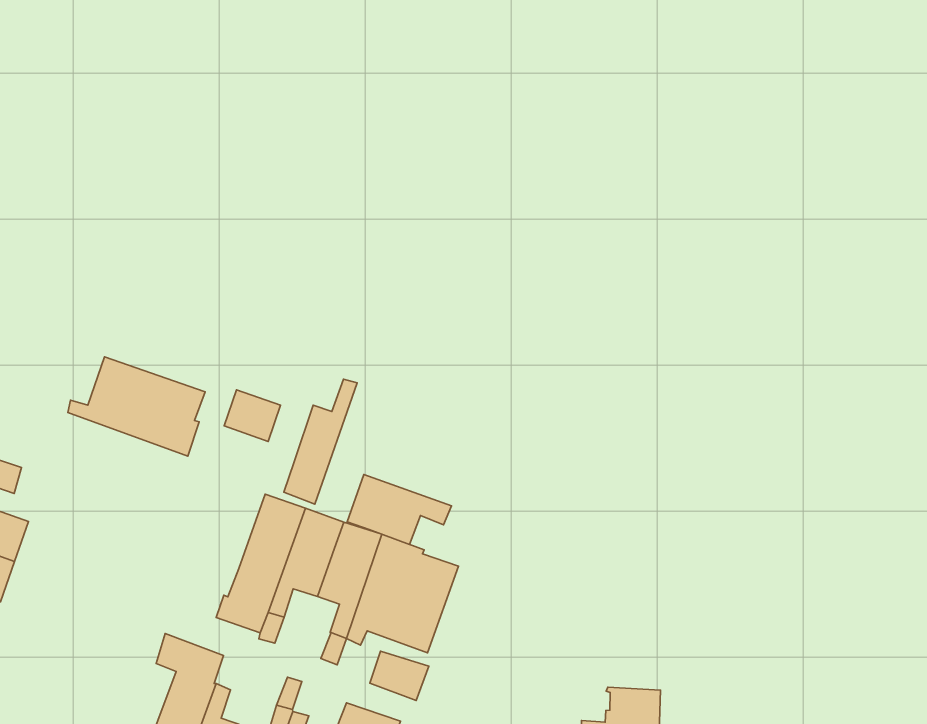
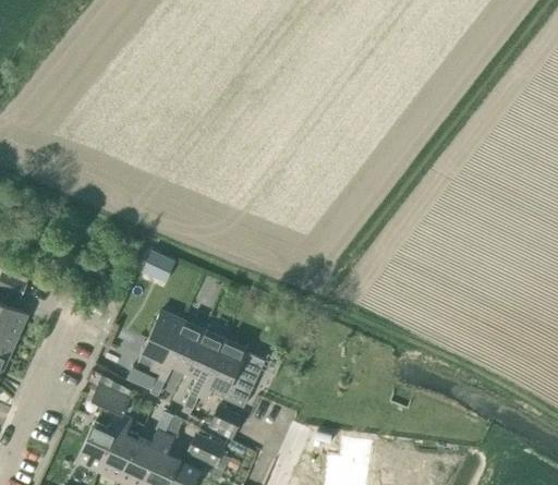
building: [68,357,205,456] -> none
building: [284,379,357,504] -> none
building: [347,474,451,544] -> none

